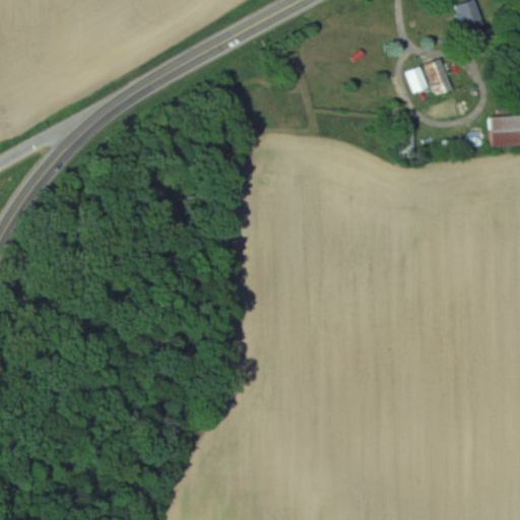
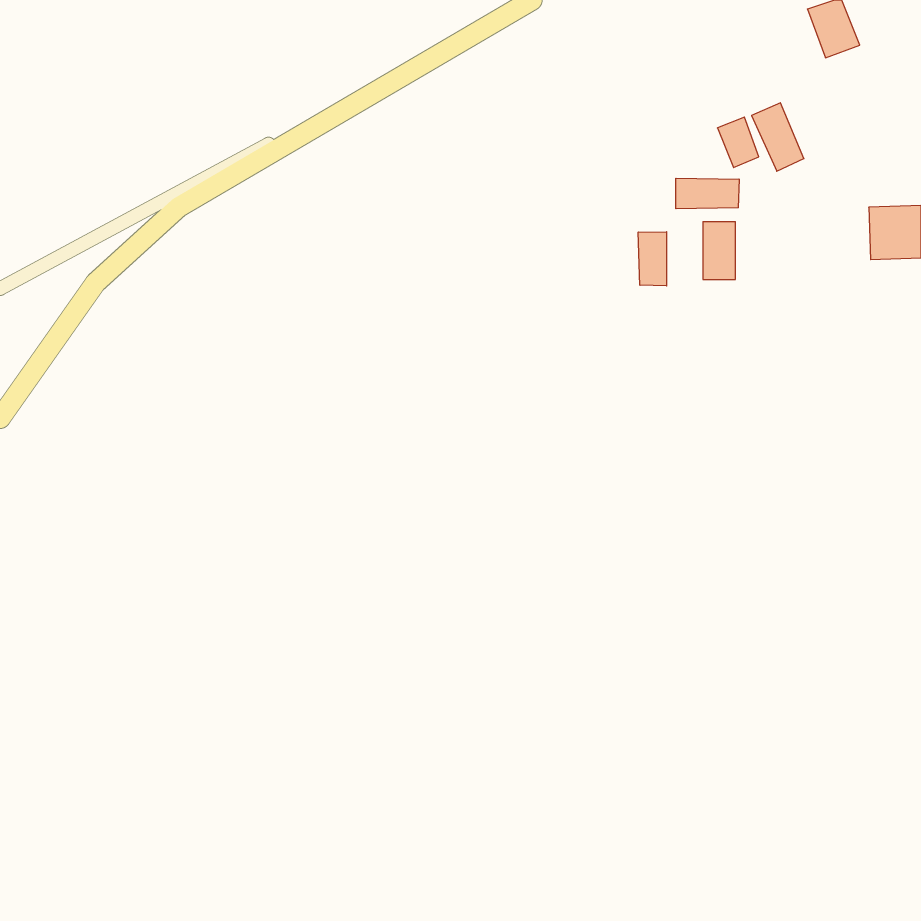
building: none -> [676,178,739,209]
building: none -> [638,232,667,286]

